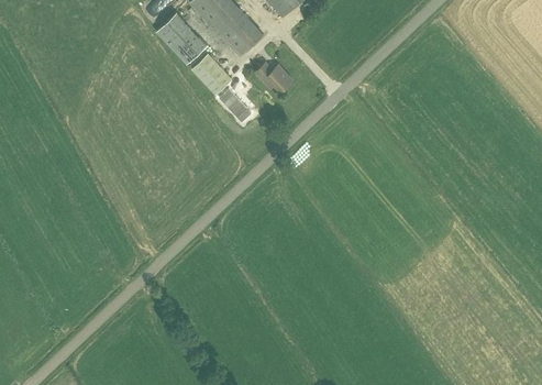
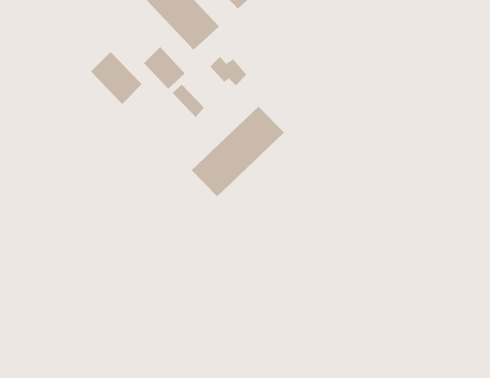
building: [154,14,204,66] -> [90,51,143,105]
building: none -> [191,106,285,197]

